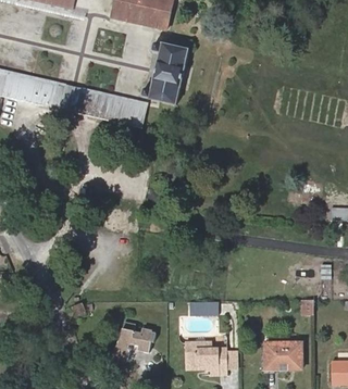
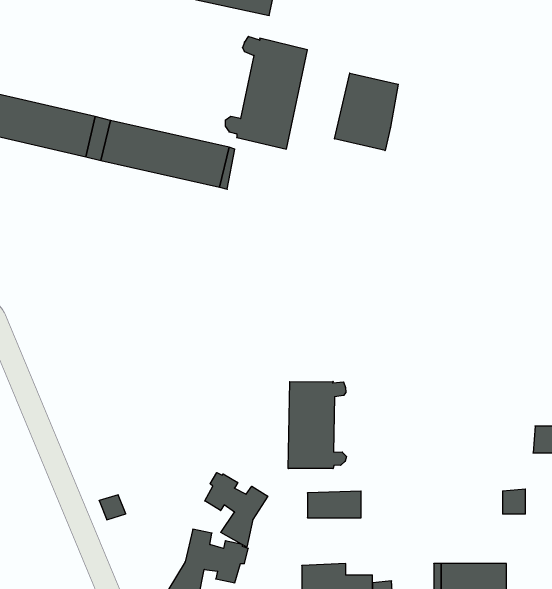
building: none -> [335,73,398,151]
building: none -> [288,381,346,469]
building: none -> [205,473,268,547]

